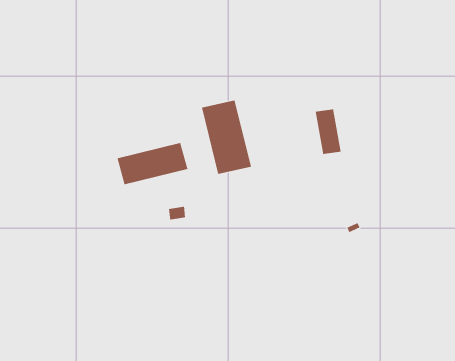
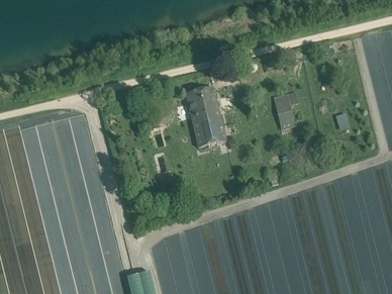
building: [117,142,188,185] -> none

